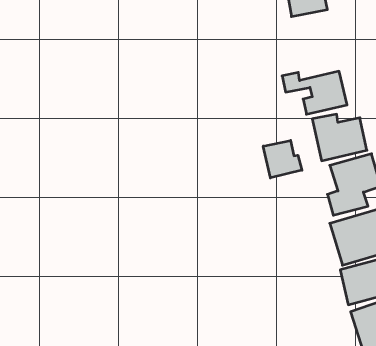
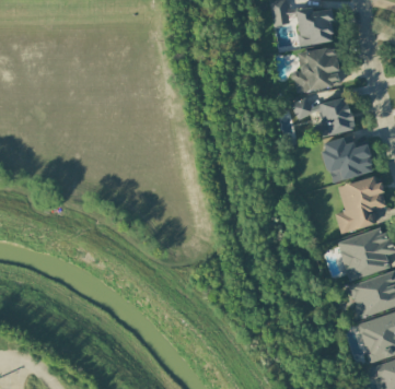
building: none -> [293,46,341,92]
building: [263,140,302,178] -> none

